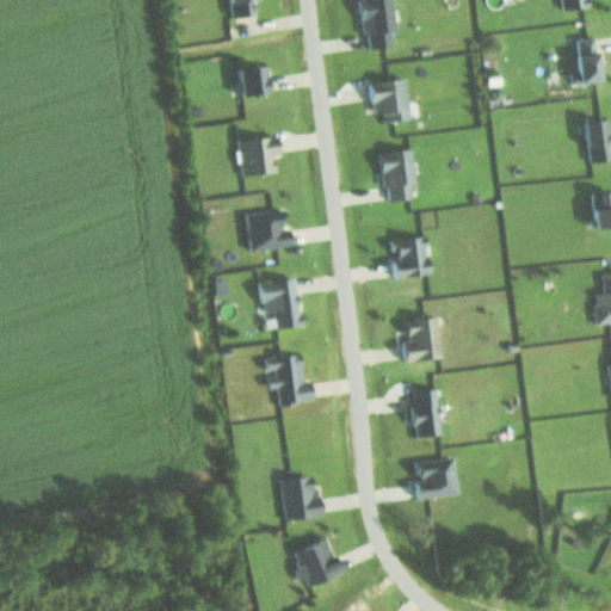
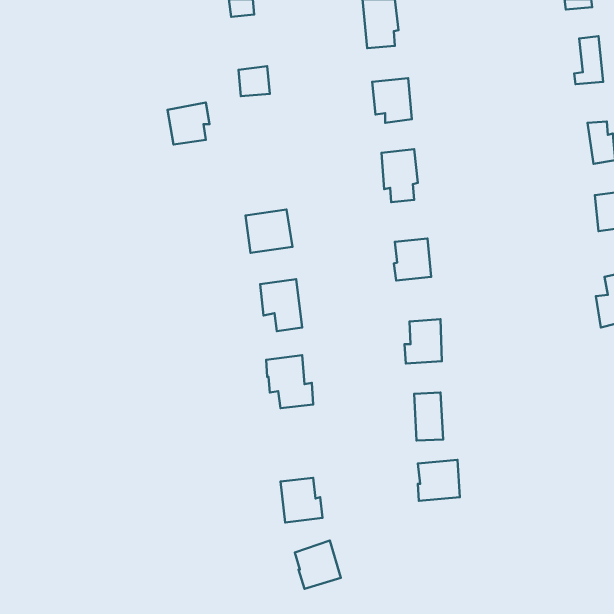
building: [236,134,278,175] -> [167,102,210,145]

